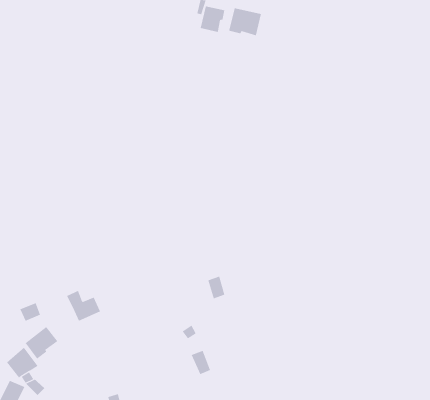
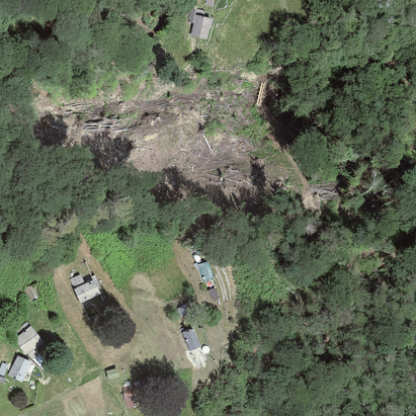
building: [229,8,261,36] -> none
building: [25,326,58,359] -> none

